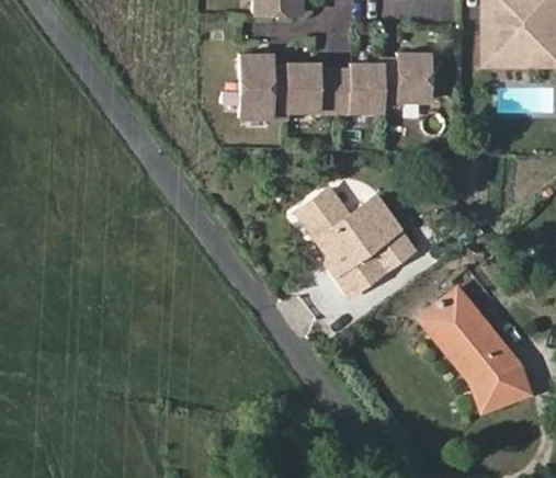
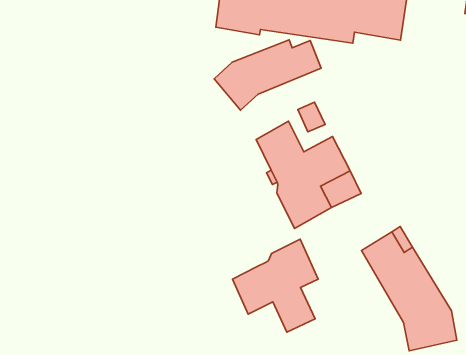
building: none -> [214,40,321,110]
building: none -> [233,239,318,332]

